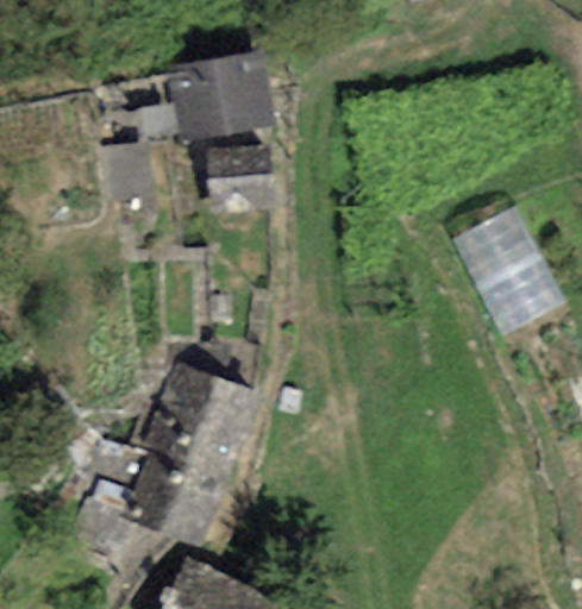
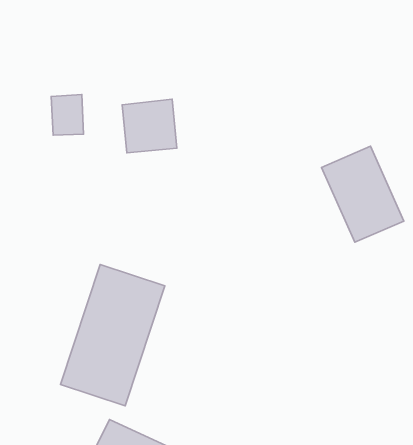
building: [162,49,271,146] -> none

